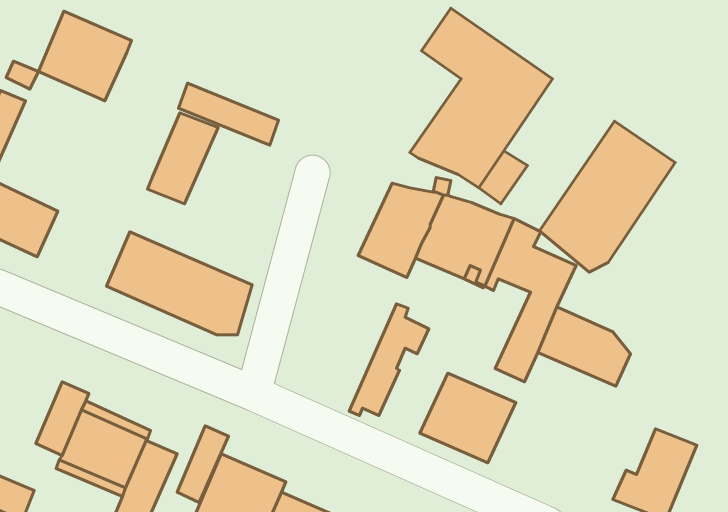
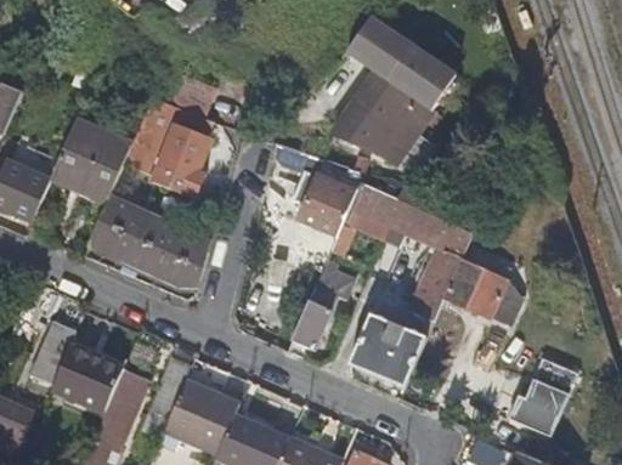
building: [39,11,131,101] -> [50,129,126,203]
building: [540,121,675,272] -> none
building: none -> [153,127,209,200]

